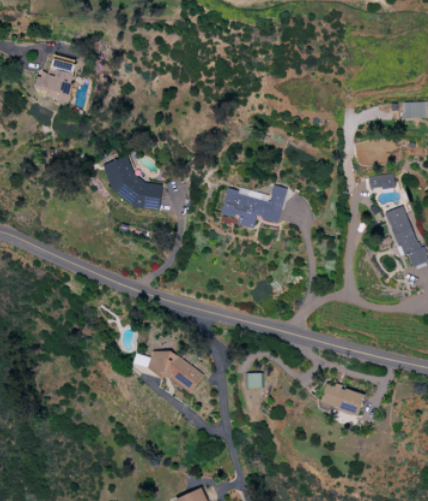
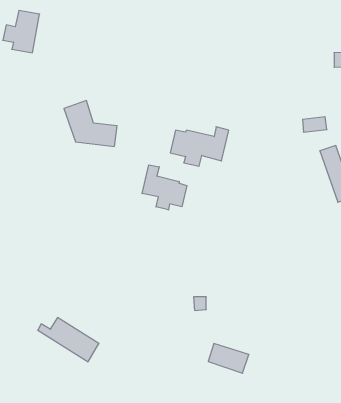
building: none -> [142,165,187,210]
building: [135,345,203,394] -> [38,318,99,362]
building: [320,382,365,415] -> [208,344,249,373]

